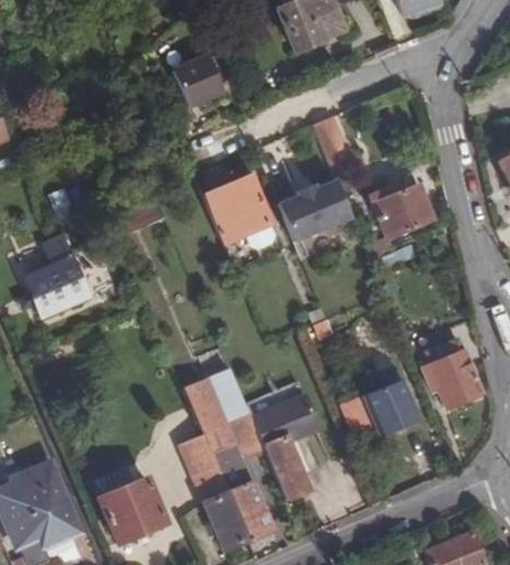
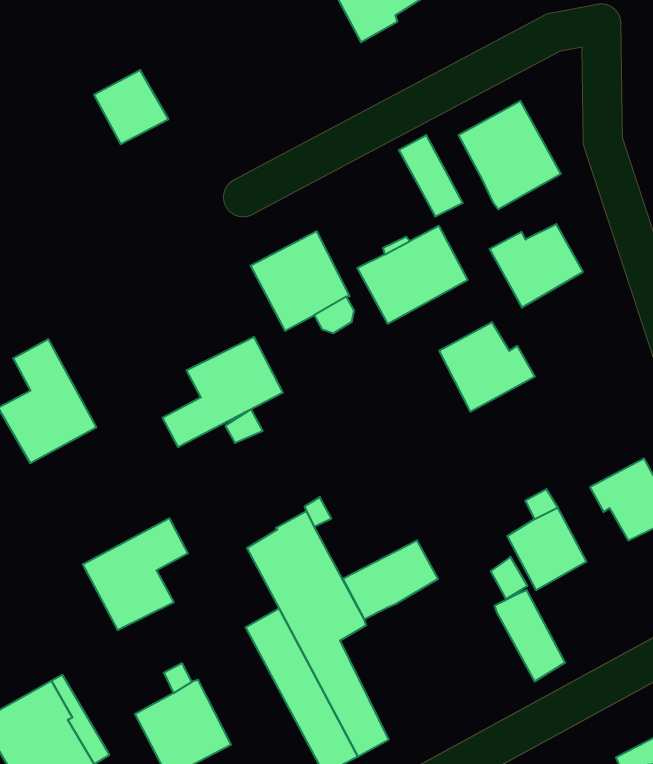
building: [170,56,220,106] -> [94,70,168,144]
building: none -> [459,101,561,209]
building: none -> [163,337,283,447]
building: none -> [439,322,535,412]
building: none -> [83,518,188,630]
building: [263,436,308,499] -> [494,590,565,681]

